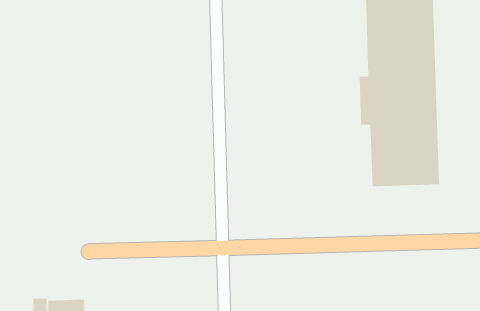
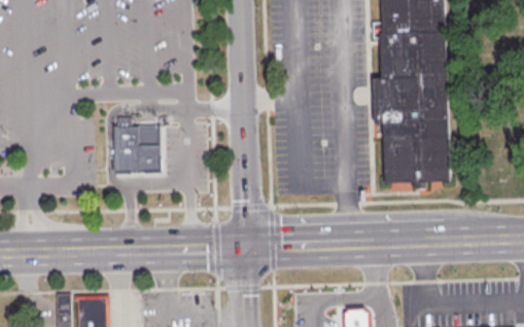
building: none -> [115,117,162,173]

